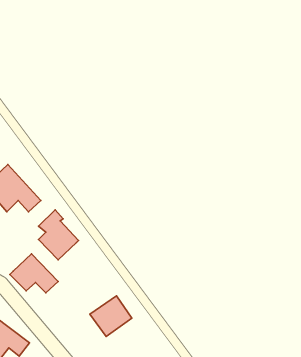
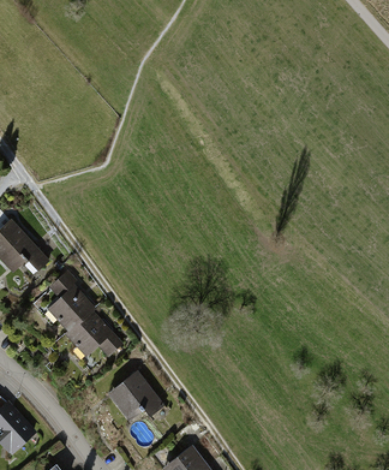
building: [10,254,58,293] -> [67,310,124,356]

